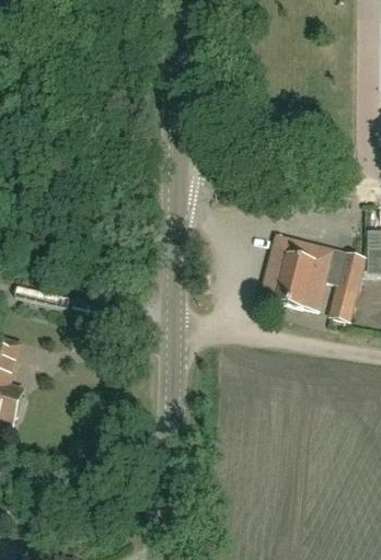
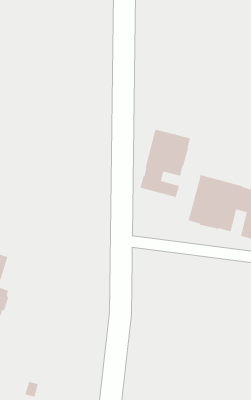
building: none -> [140,129,190,198]

